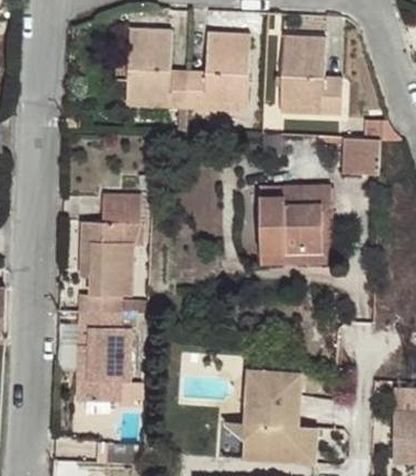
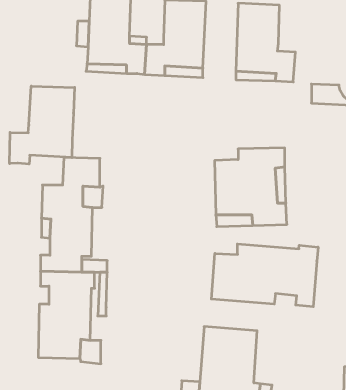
building: none -> [10,86,75,164]
building: [341,137,378,174] -> none
building: none -> [211,244,318,307]

